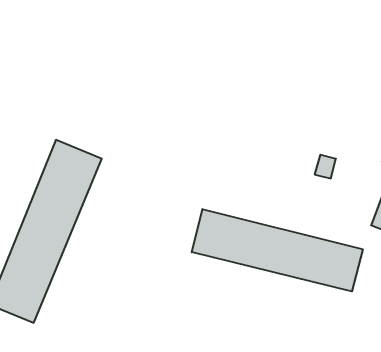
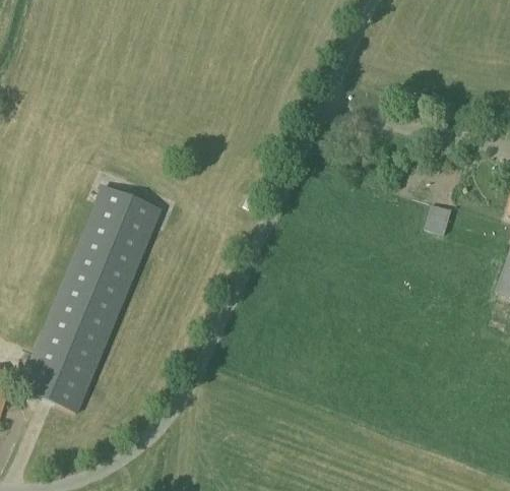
building: [192,209,363,291] -> none

